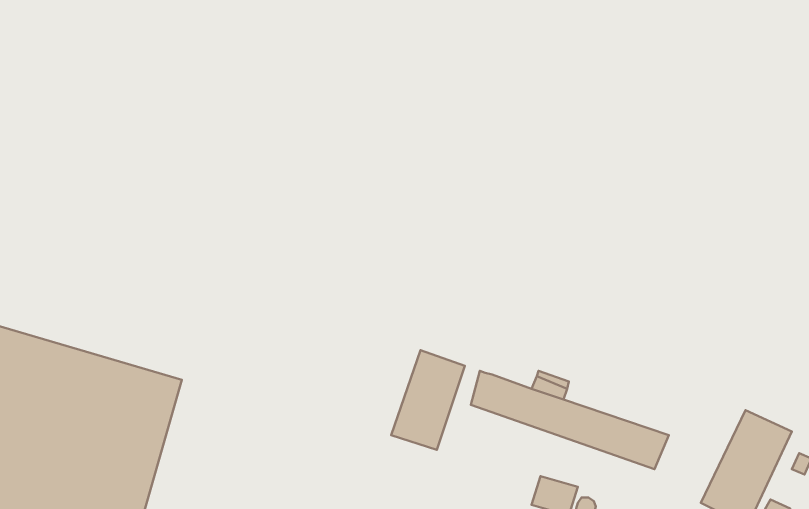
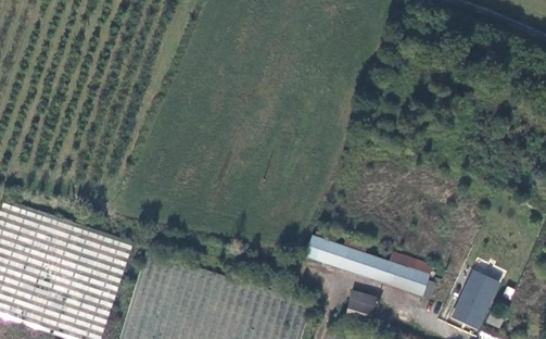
building: [391,350,465,450] -> none

